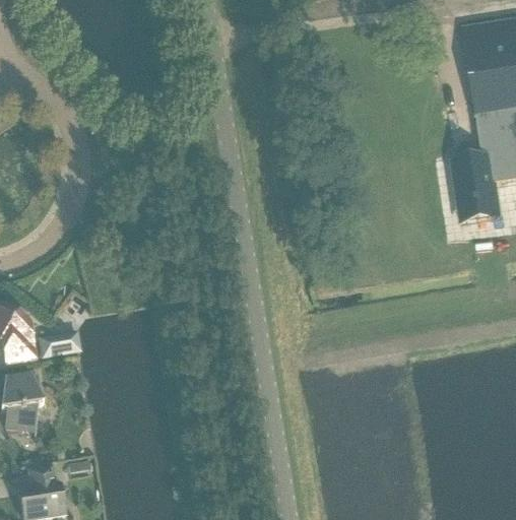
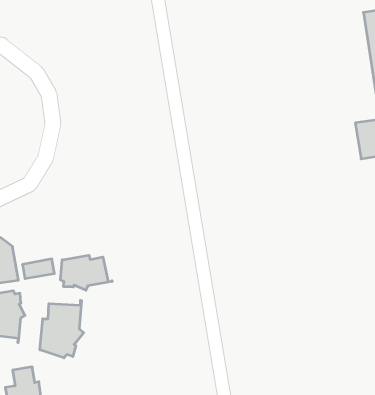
building: none -> [61,255,112,290]
building: none -> [40,300,84,358]

